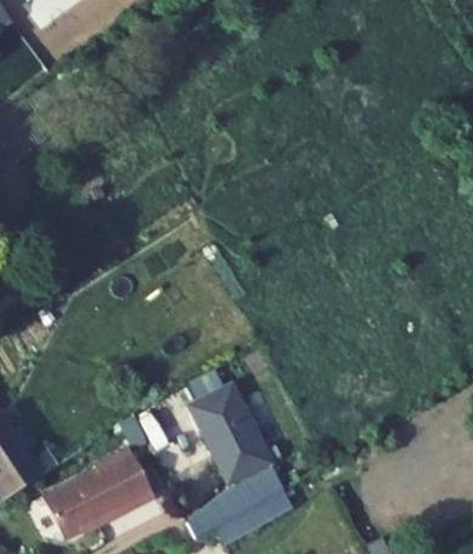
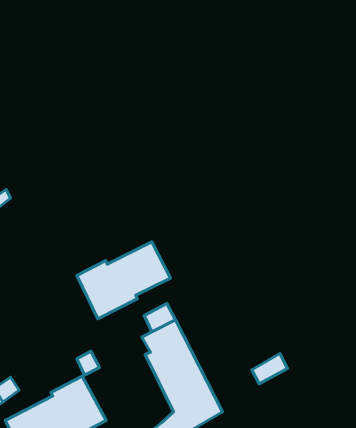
building: none -> [77,242,170,319]

